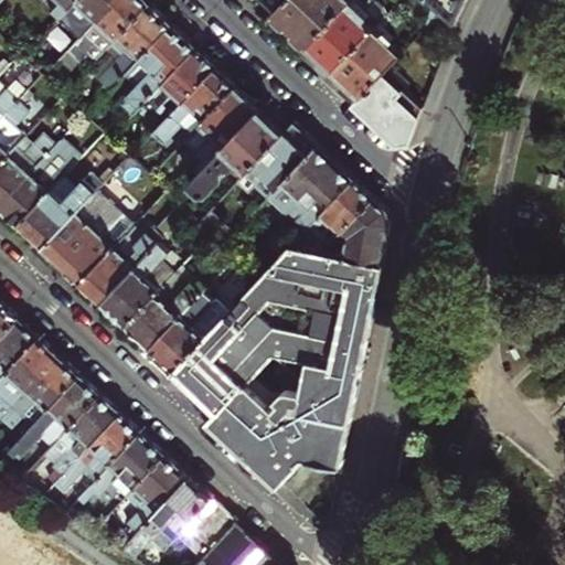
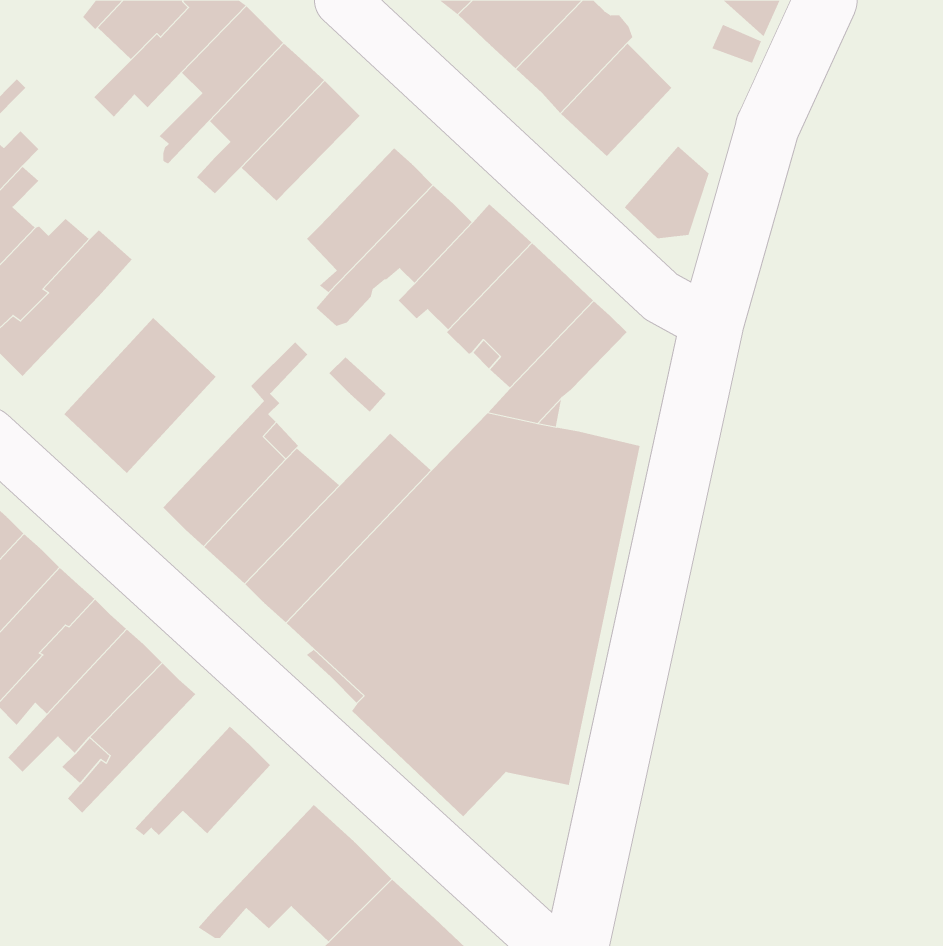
building: [349,72,403,127] -> none
building: [149,73,233,149] -> none
building: [13,175,97,249] -> none
building: [338,201,386,268] -> none
building: [75,222,156,305] -> none
building: [44,415,136,493] -> none
building: [121,457,185,543] -> none

